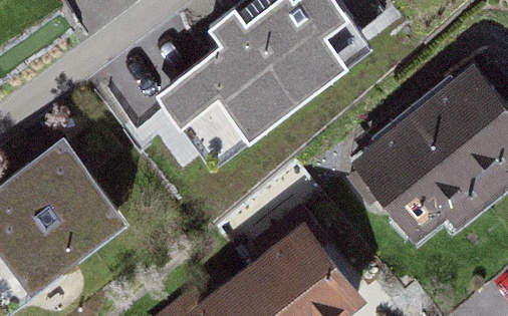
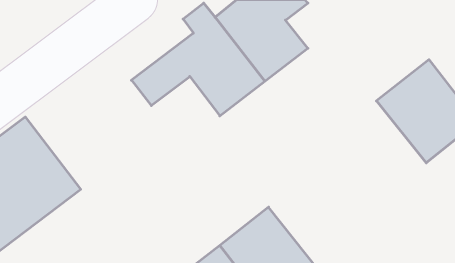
building: [364,120,474,231] -> none

